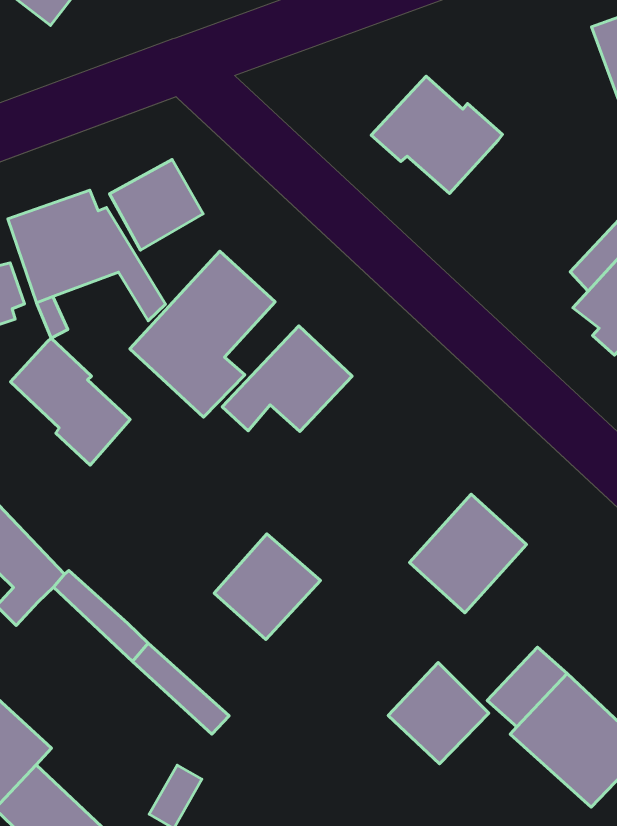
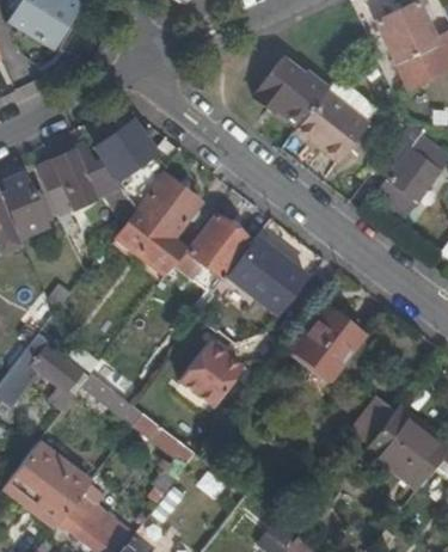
building: none -> [296,93,375,170]
building: [10,338,130,465] -> none
building: none -> [227,237,305,313]
building: [388,663,489,764] -> none

